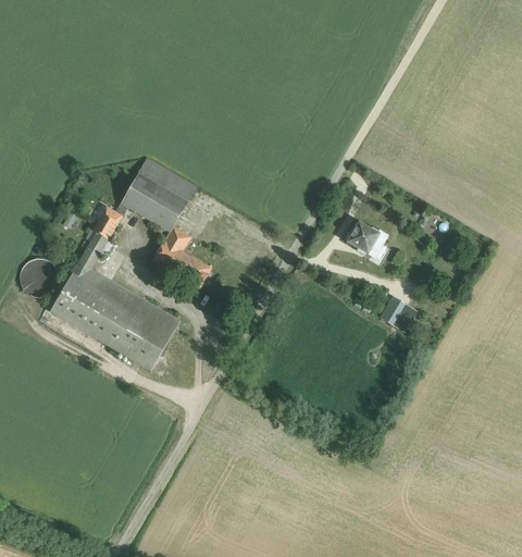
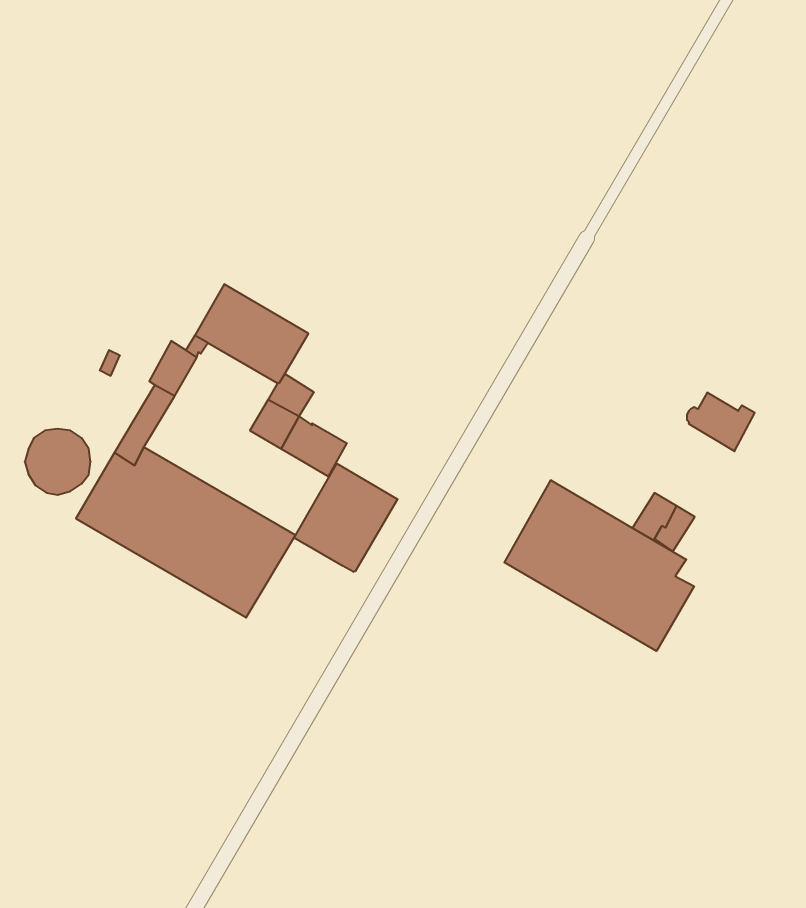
building: [137,154,197,201] -> none
building: [346,222,386,257] -> [687,393,755,451]
building: none -> [294,464,398,572]
building: none -> [504,480,694,651]

